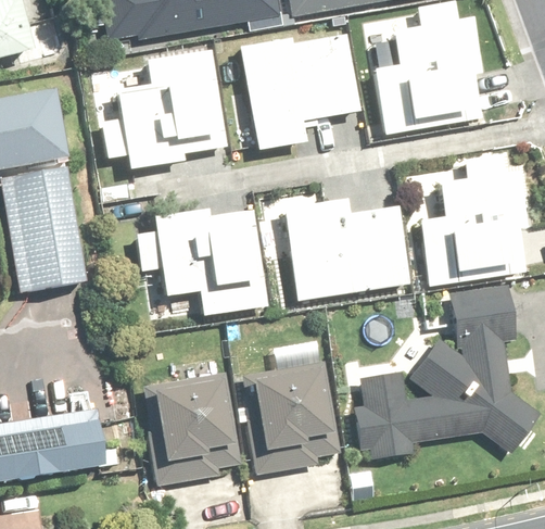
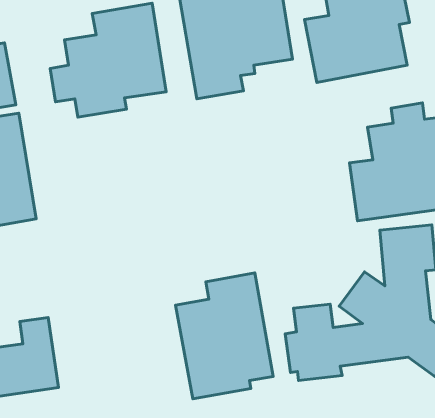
building: [287,201,410,298] -> none
building: [138,213,266,314] -> none
building: [142,369,238,483] -> none

